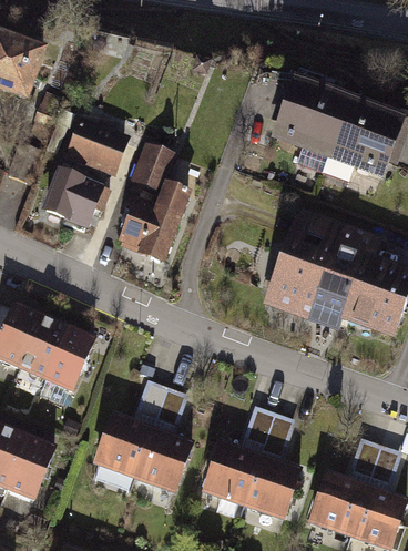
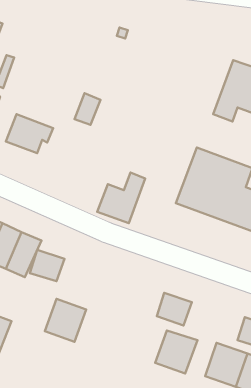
building: [278,72,349,171] -> none
building: [69,123,123,167] -> none
building: [122,185,186,253] -> [97,173,145,223]
building: [140,381,186,424] -> [30,250,65,281]
building: [137,431,193,489] -> none
building: [205,445,261,502] -> none

